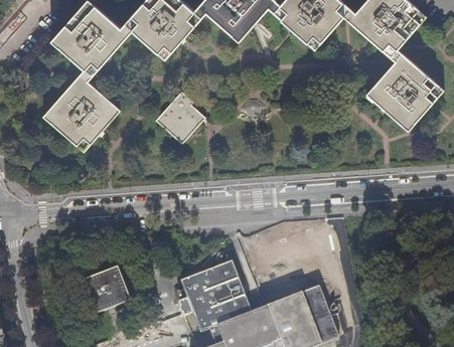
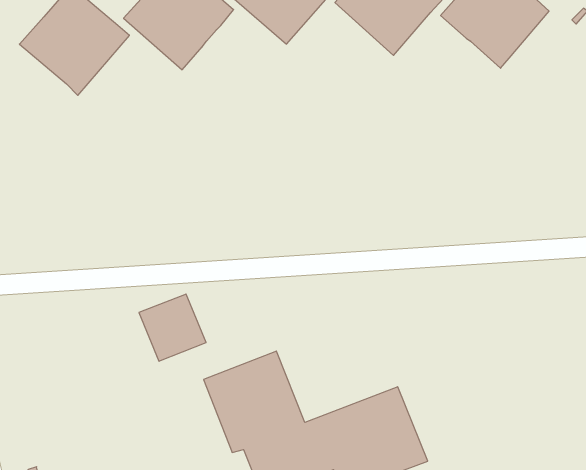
building: [365,56,442,134] -> none
building: [42,75,119,153] -> none
building: [153,93,201,145] -> none
building: [83,267,130,314] -> [139,294,206,361]

